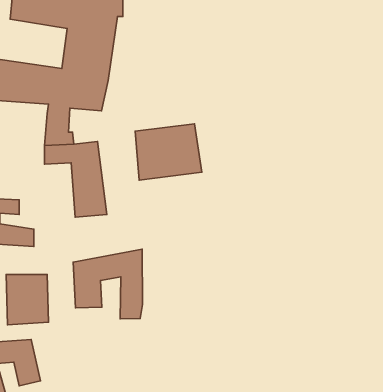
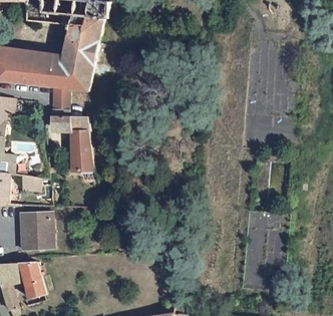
building: [135,124,202,180] -> none
building: [73,249,142,319] -> none

